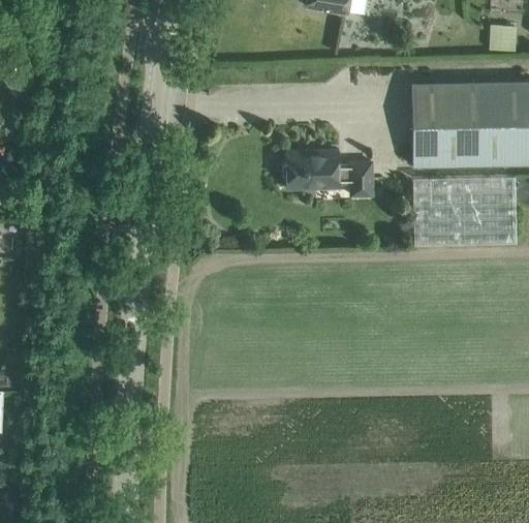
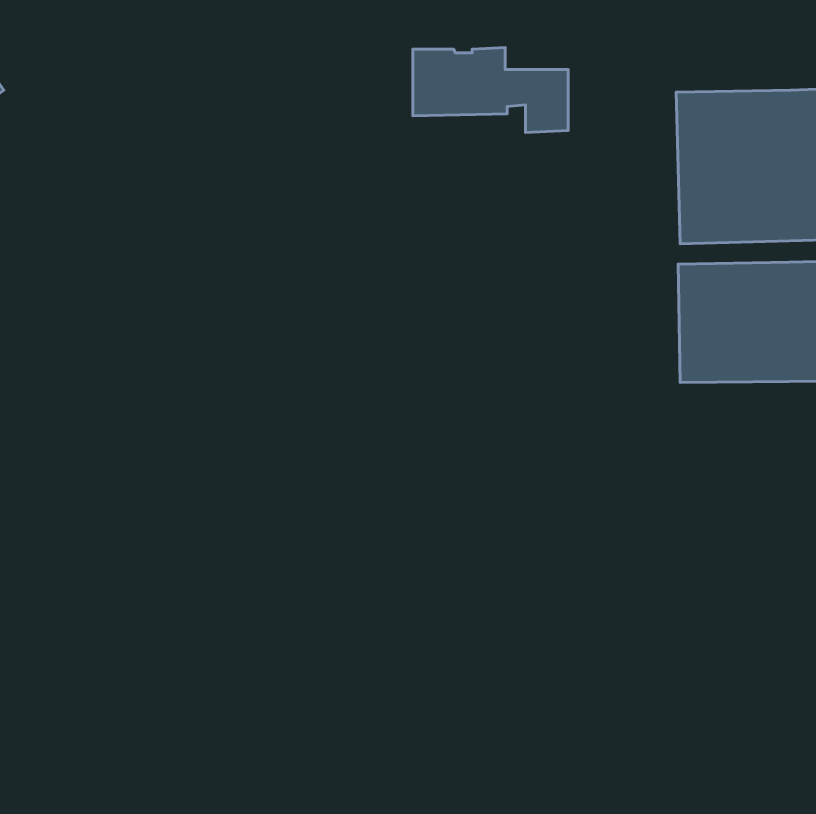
building: [287,151,374,198] -> [413,47,568,132]

